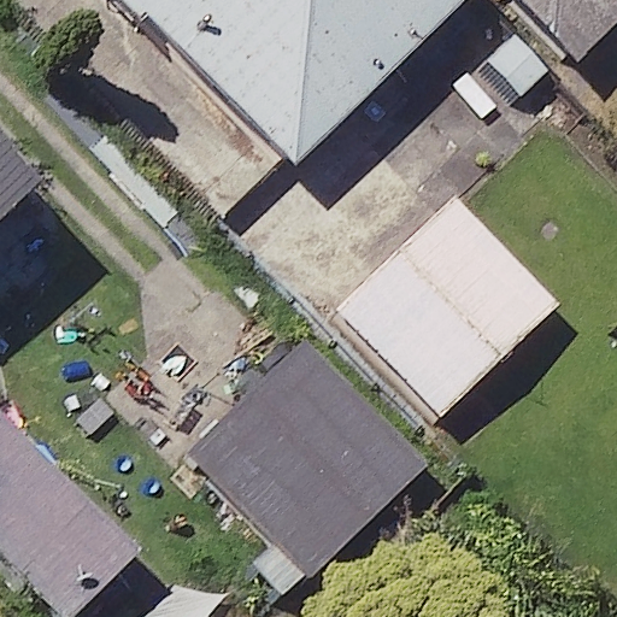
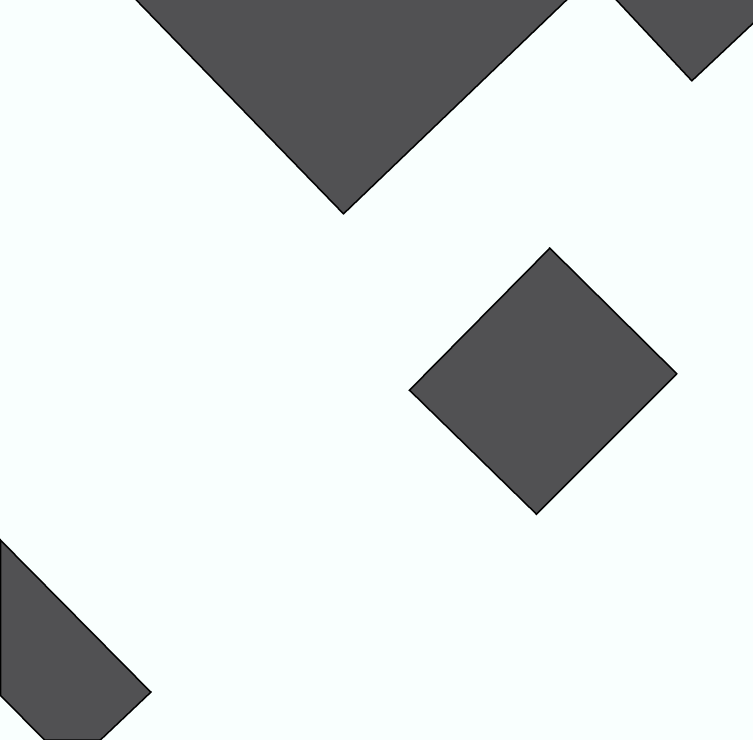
building: [200,336,433,568] -> none

